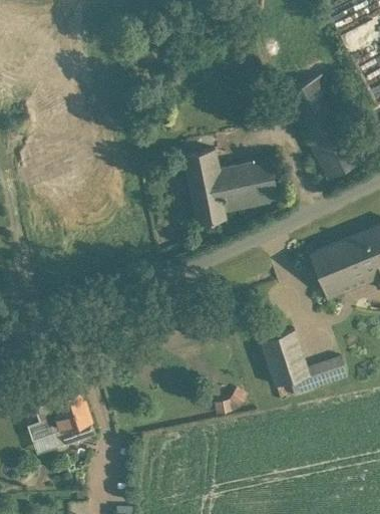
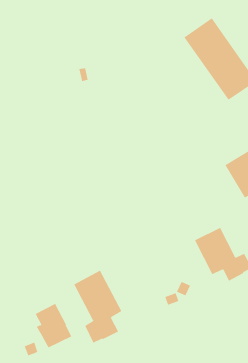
building: [182,150,279,225] -> none
building: none -> [74,270,122,344]

